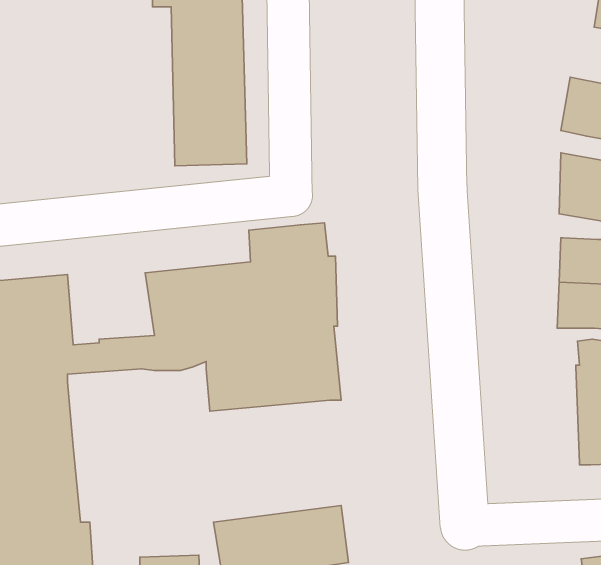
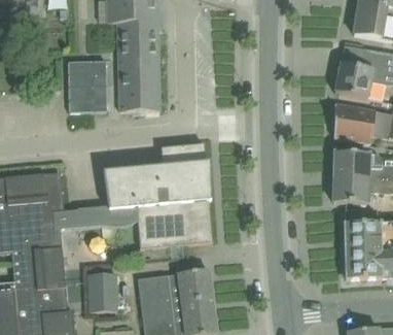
building: none -> [68,61,107,111]
building: none -> [138,269,213,310]
building: none -> [88,273,117,311]

